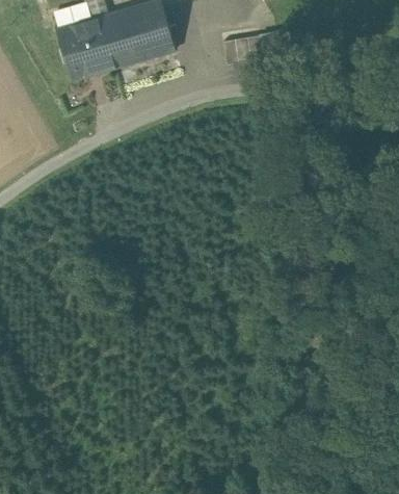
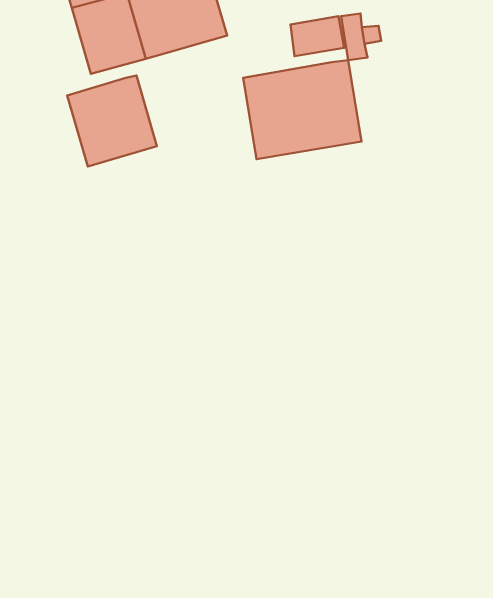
building: none -> [243,60,361,159]
building: none -> [67,75,157,166]

